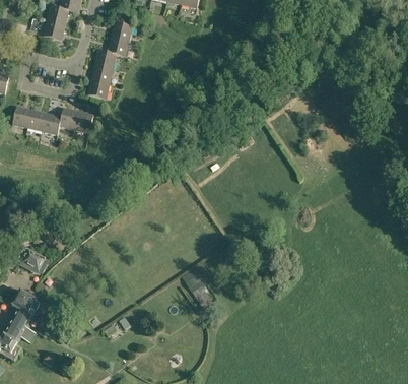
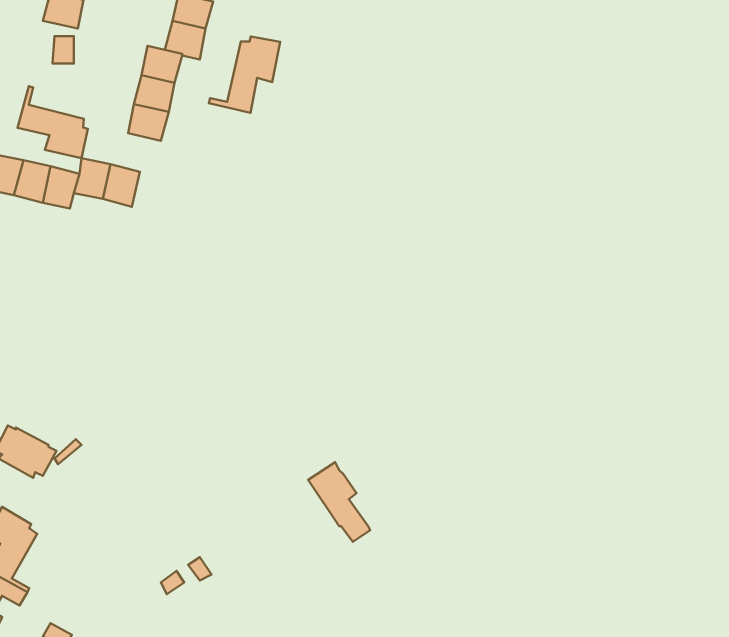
building: none -> [209,37,280,113]
building: none -> [18,86,88,158]

